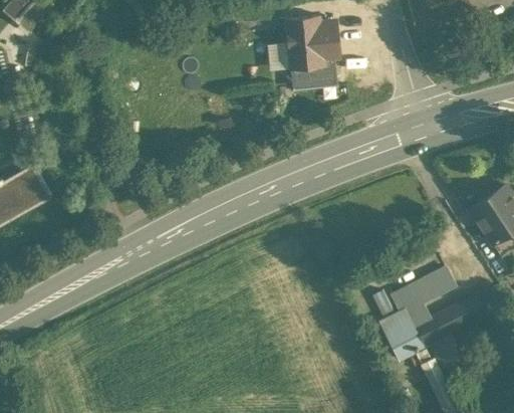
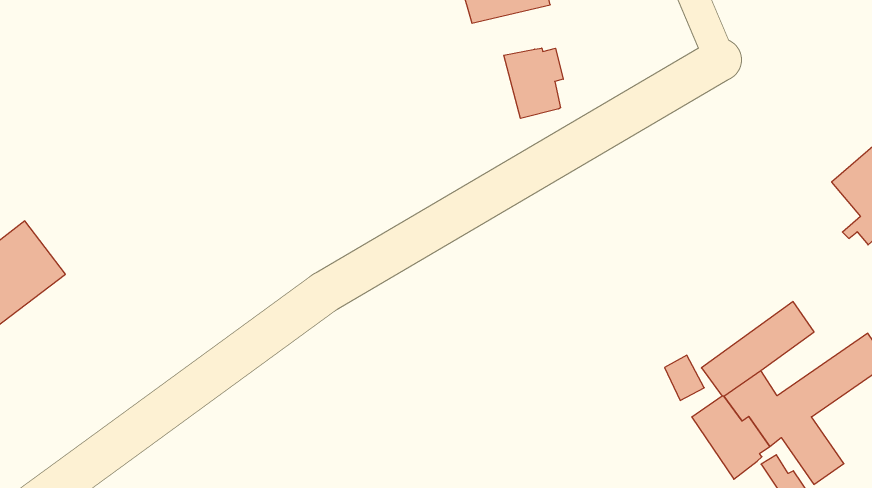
building: none -> [504,48,563,118]

